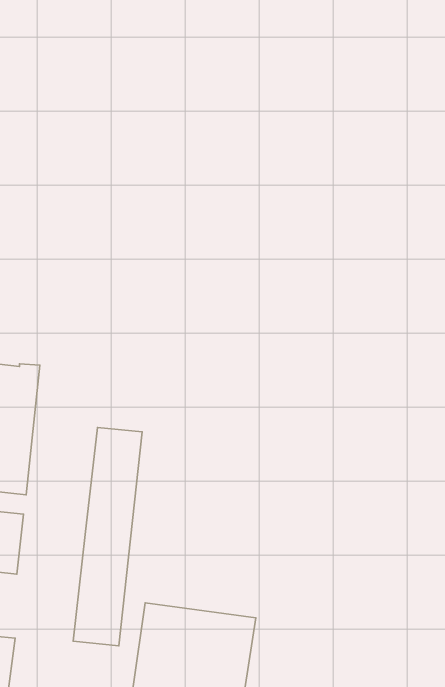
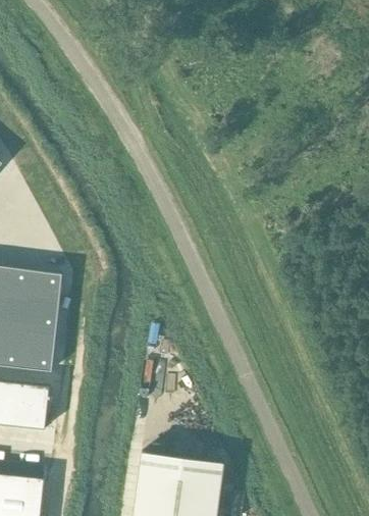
building: [73,428,142,646] -> none

